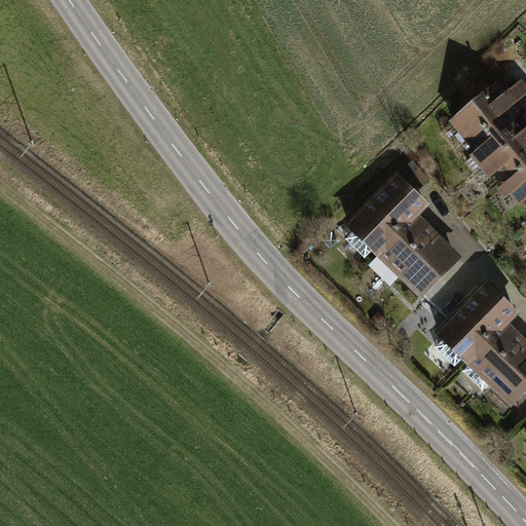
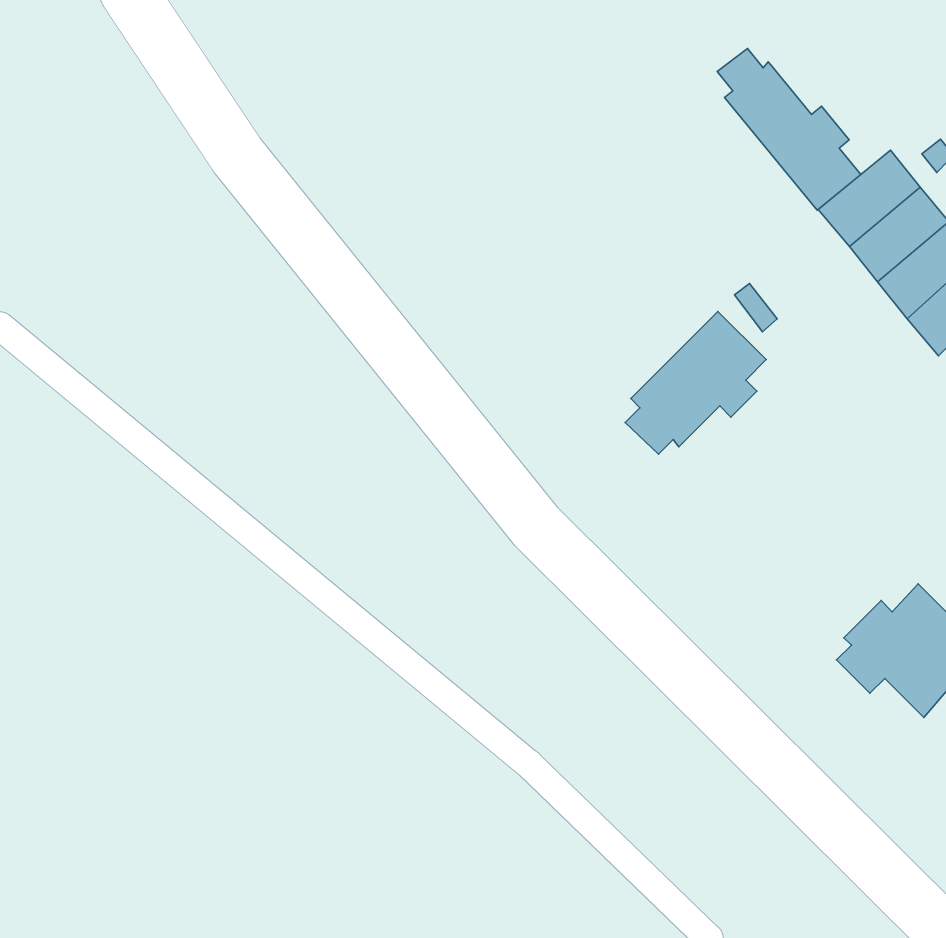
building: none -> [717,49,861,210]
building: [375,217,456,289] -> none
building: [437,279,516,361] -> none

